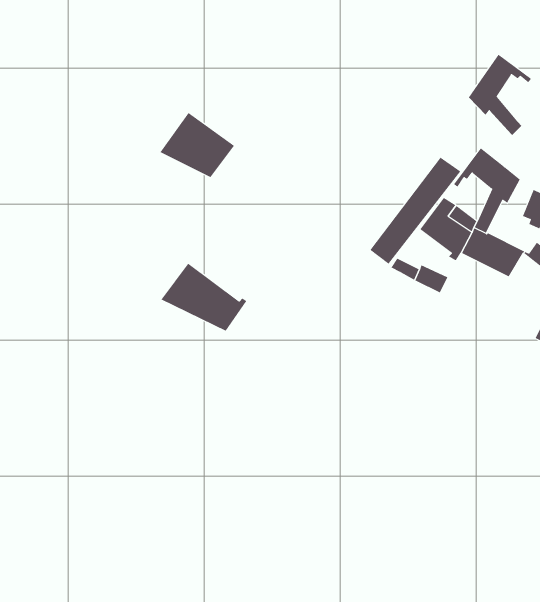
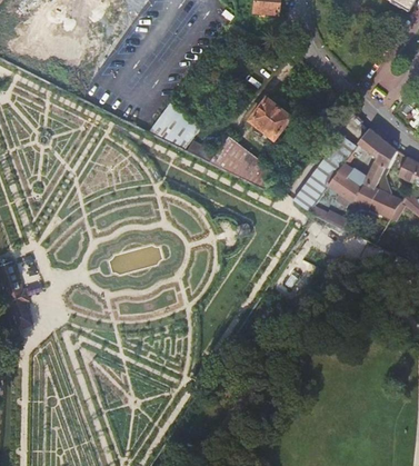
building: [468,54,532,136] -> none
building: none -> [247,101,290,145]
building: [160,263,247,332] -> [209,137,269,185]

